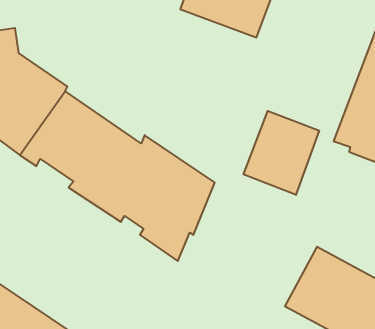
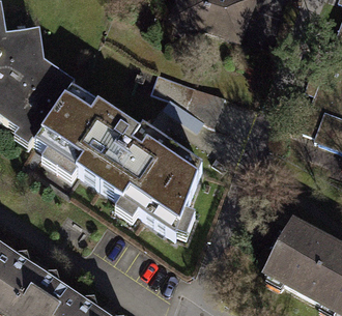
building: [244,111,319,195] -> none

